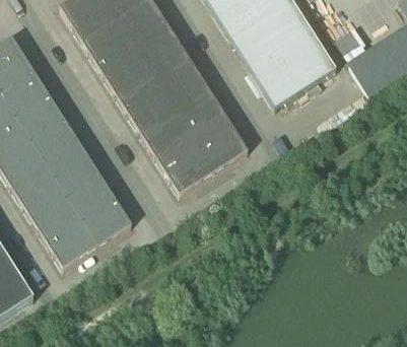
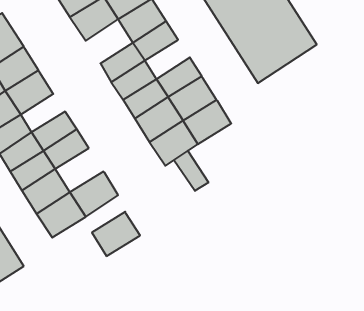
building: [96,41,145,86] -> none
building: [157,62,204,102] -> none
building: [29,118,75,157] -> none
building: [65,174,115,219] -> [92,212,140,256]
building: none -> [174,151,208,191]

